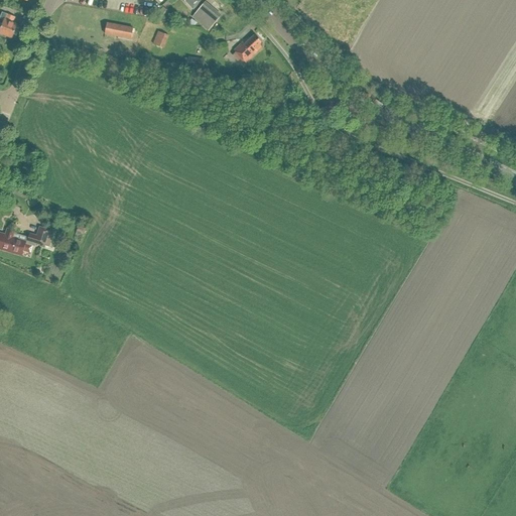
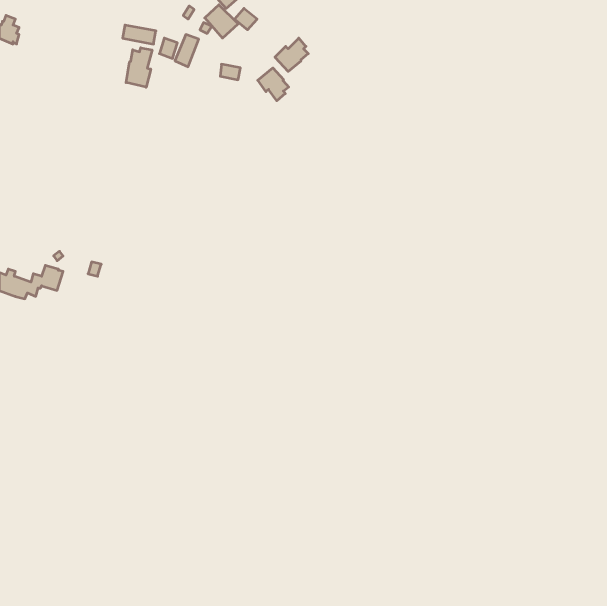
building: none -> [126,48,152,87]
building: none -> [258,68,289,101]

